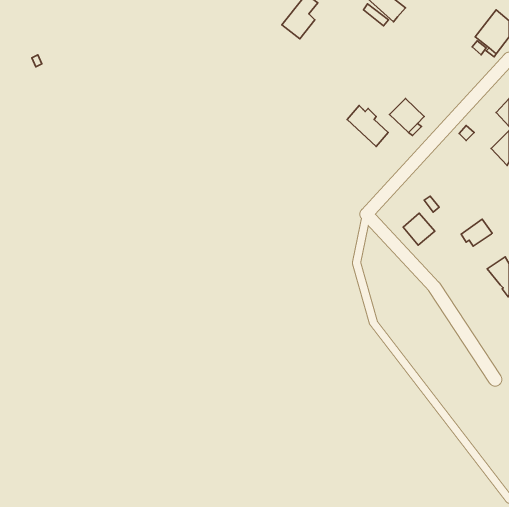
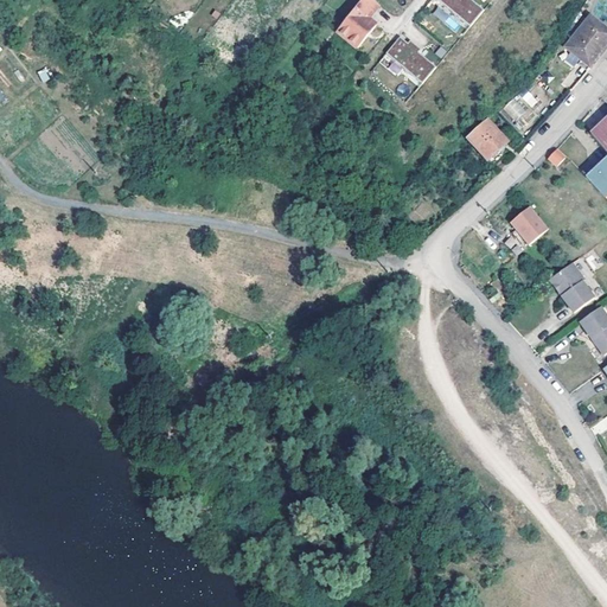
building: none -> [500,85,538,129]
building: [347,106,388,146] -> [385,34,434,83]
building: [403,213,435,245] -> [510,207,548,245]
building: none -> [562,279,596,312]

